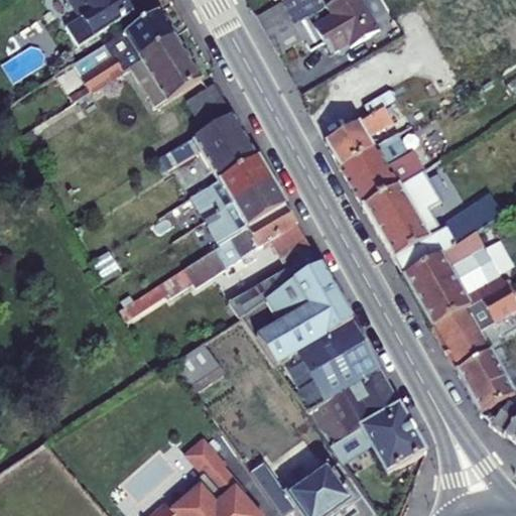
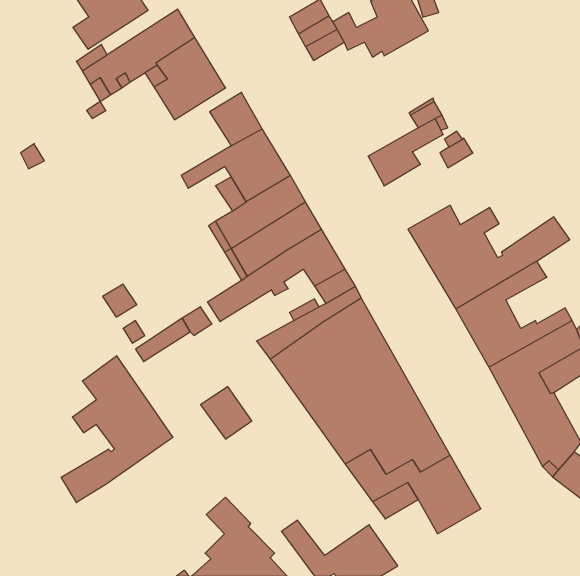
building: [342,145,425,203] -> none
building: [449,245,502,290] -> none
building: none -> [61,356,173,503]

